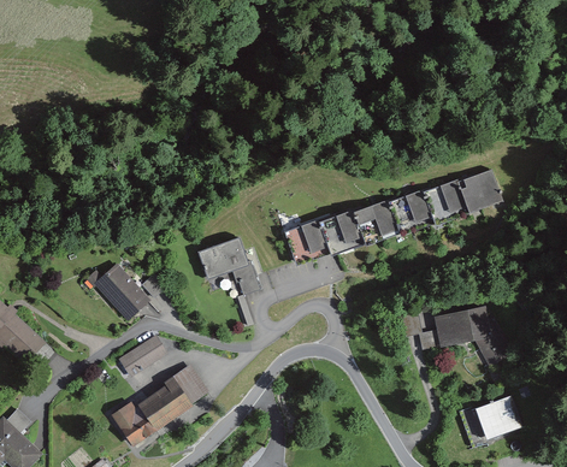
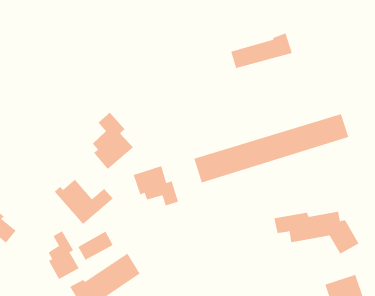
building: none -> [230,32,293,69]
building: none -> [92,112,134,170]
building: none -> [48,230,79,280]

